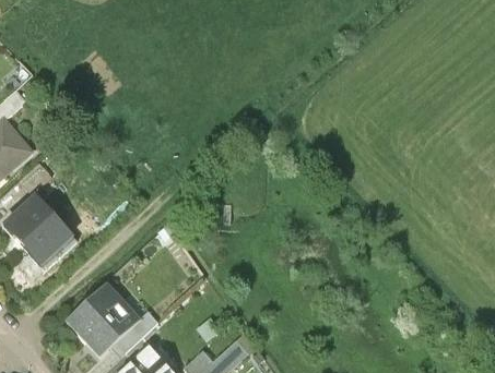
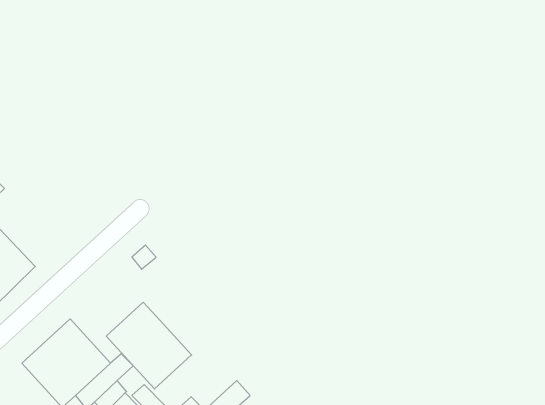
building: none -> [106,302,192,389]

